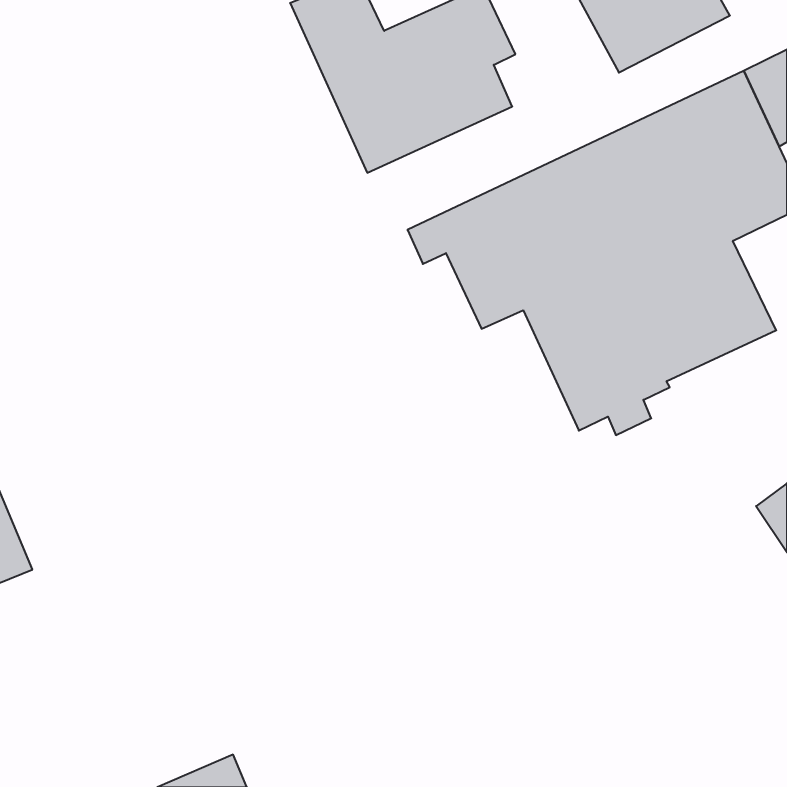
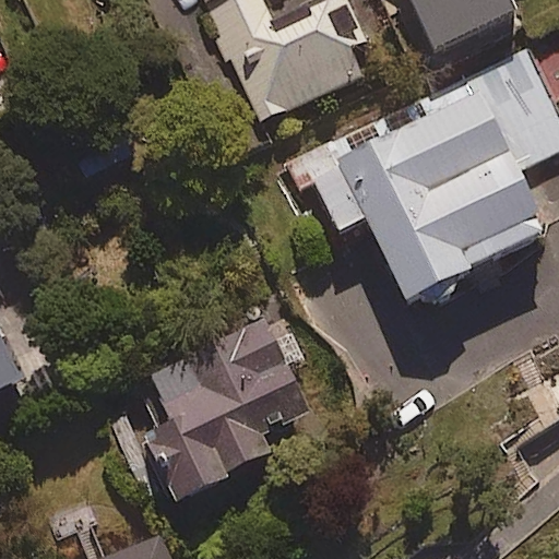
building: none -> [118,317,313,504]

